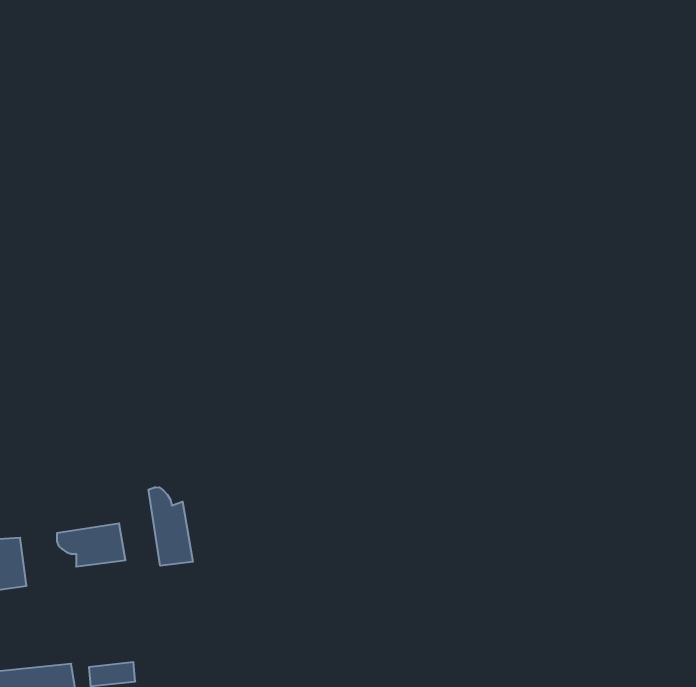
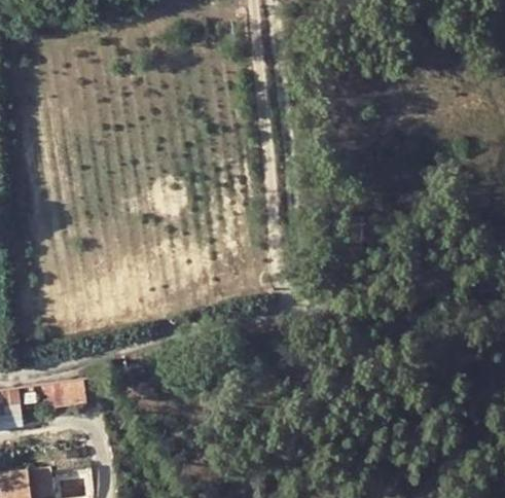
building: [148,487,193,566] -> none

